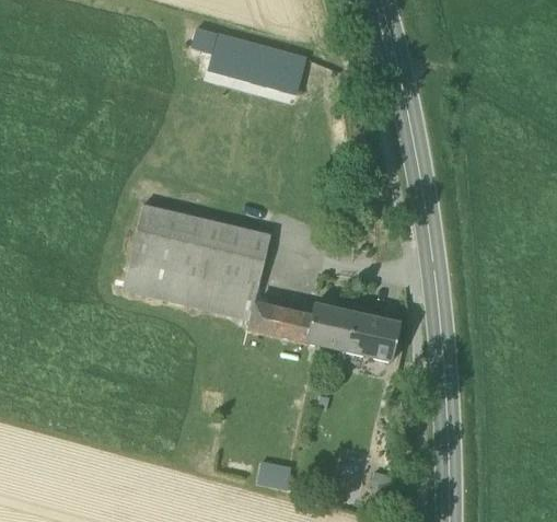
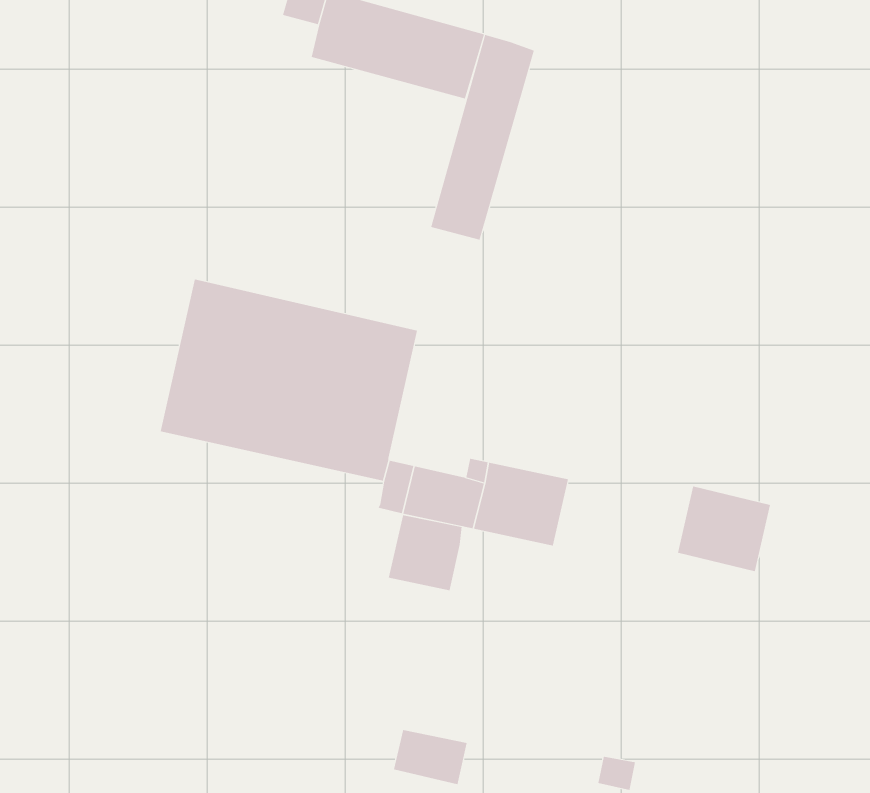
building: none -> [430,34,534,240]
building: [348,314,402,363] -> [677,486,771,572]
building: none -> [388,515,462,591]

